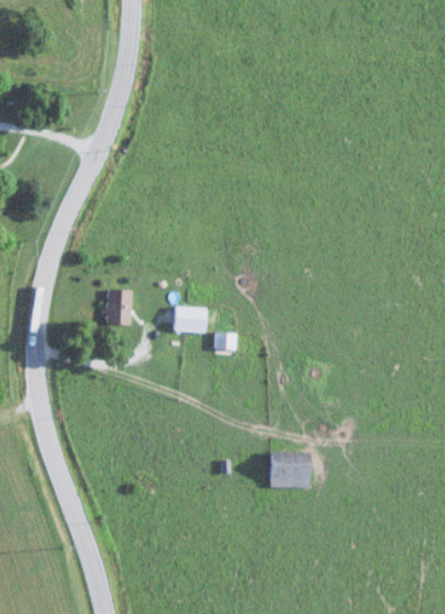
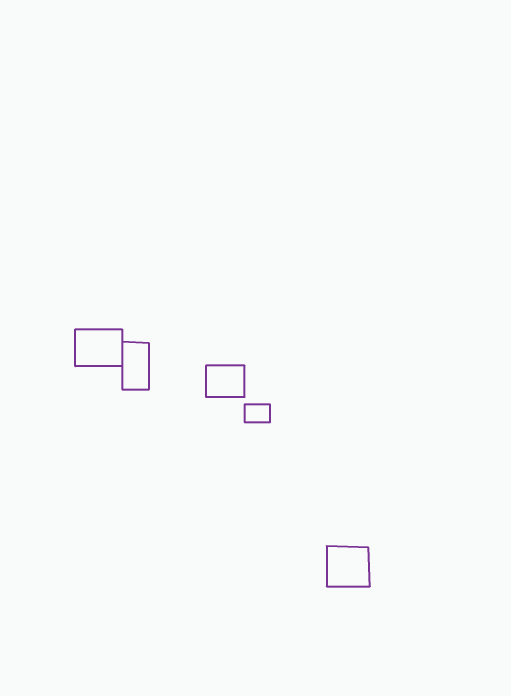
building: none -> [75,329,122,366]

